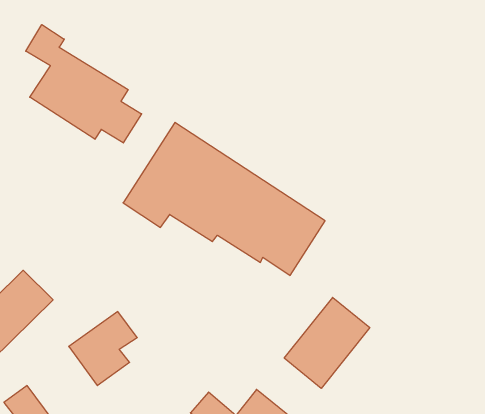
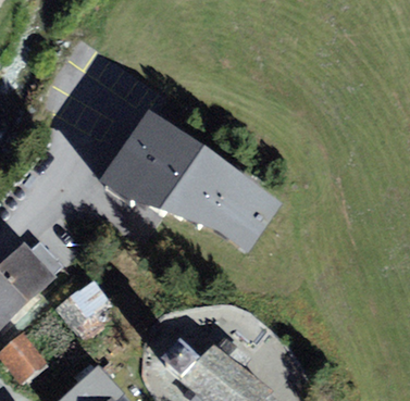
building: [26,25,142,143] -> none
building: [284,297,370,388] -> none

